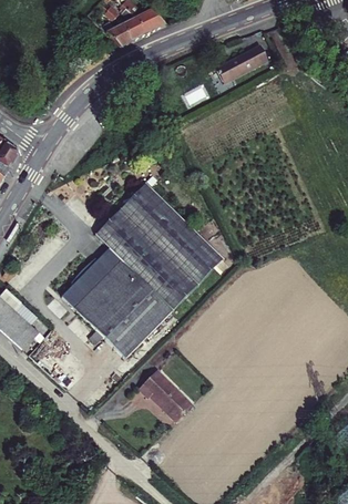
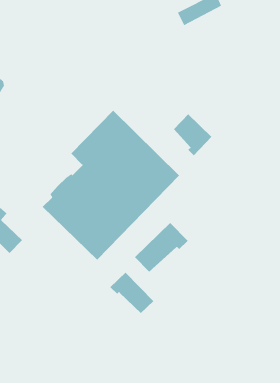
building: none -> [173,113,212,156]
building: none -> [134,222,189,272]

